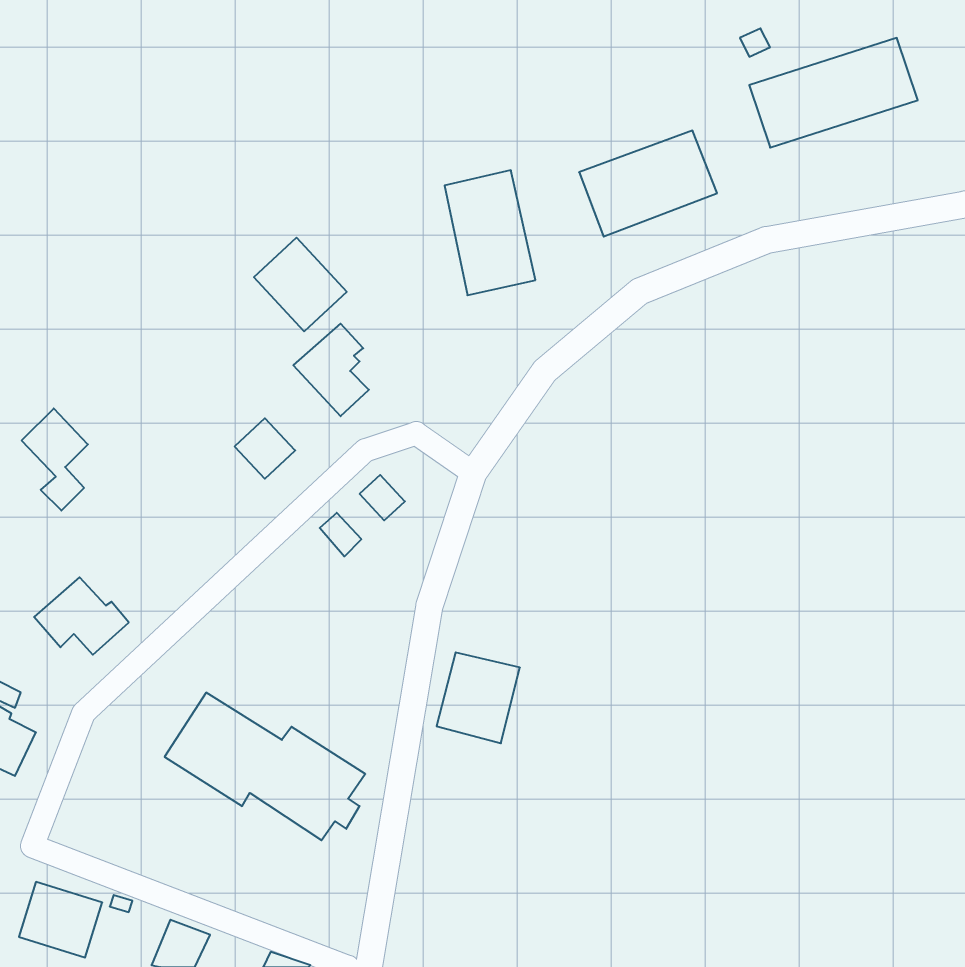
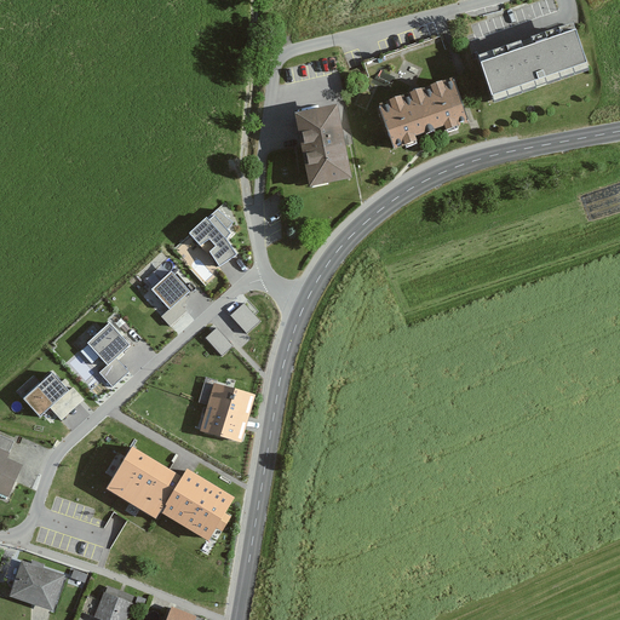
building: [254,238,347,331] -> none
building: [22,408,88,511] -> [87,320,130,385]
building: [437,652,520,743] -> [195,386,248,444]

